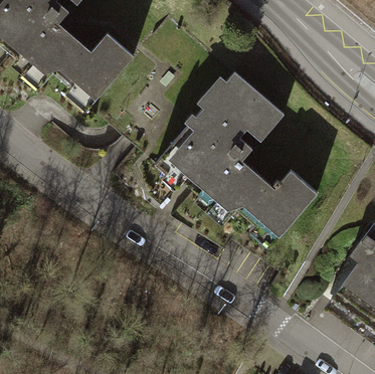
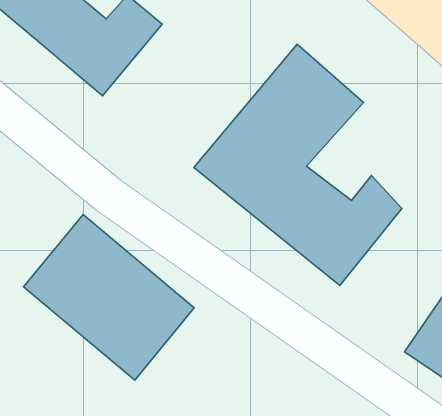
building: none -> [24,214,194,380]

